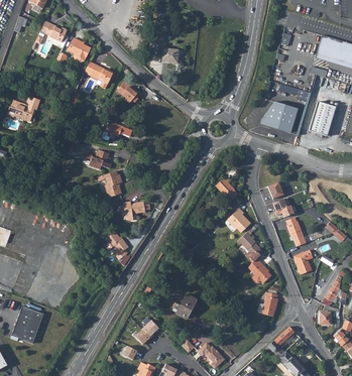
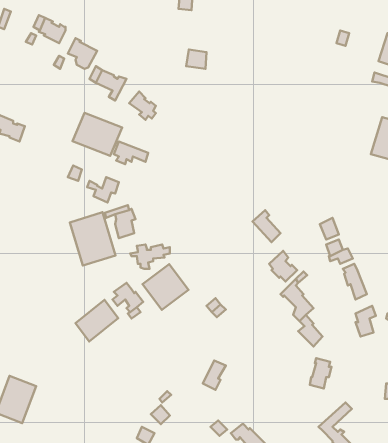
building: none -> [73,113,122,156]
building: [260,101,299,132] -> none
building: none -> [70,212,116,265]
building: none -> [143,264,188,310]
building: none -> [75,300,118,341]

